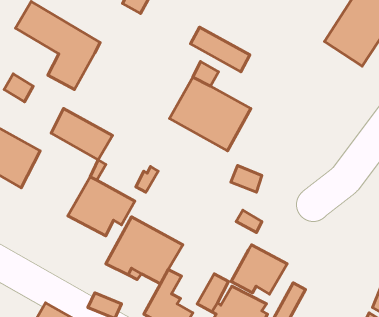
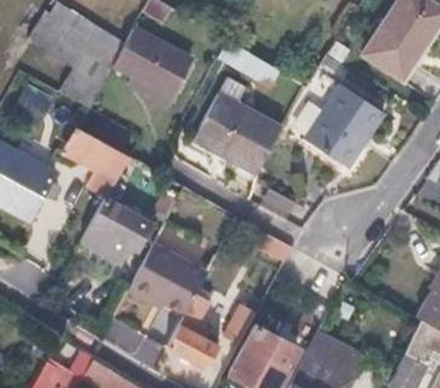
building: none -> [113,31,190,99]
building: none -> [303,89,380,167]
building: [231,245,287,294] -> none

